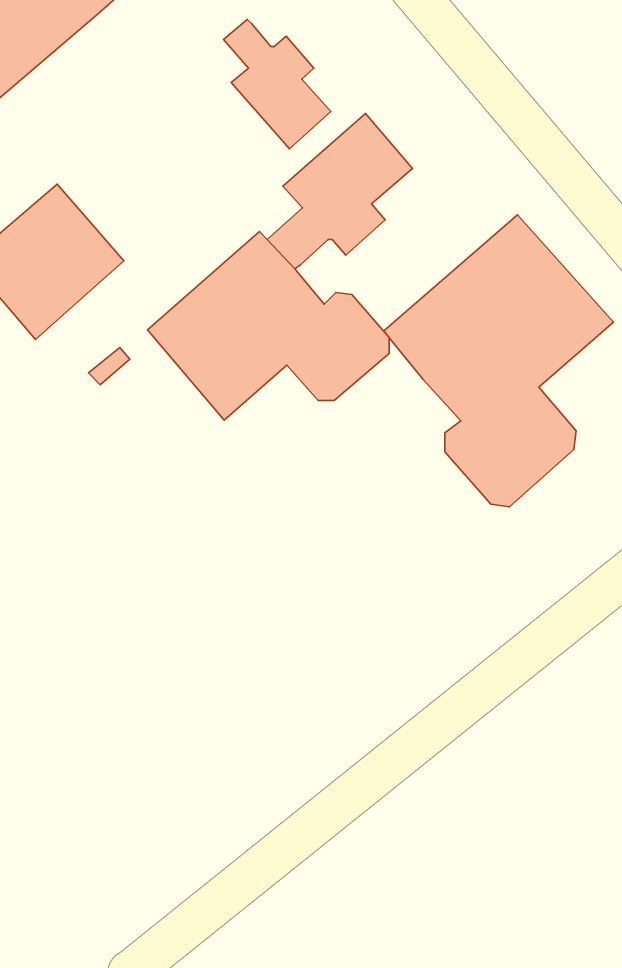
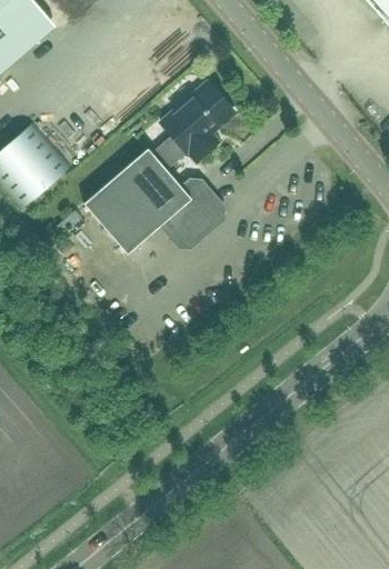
building: [223,20,331,149] -> none
building: [384,215,614,507] -> none

